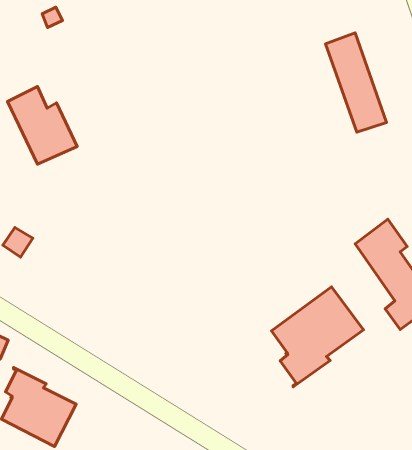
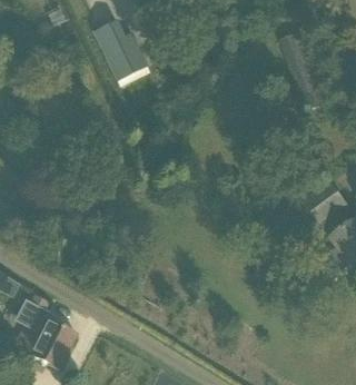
building: [8,87,77,164] -> [91,17,148,80]
building: [272,287,363,387] -> none

